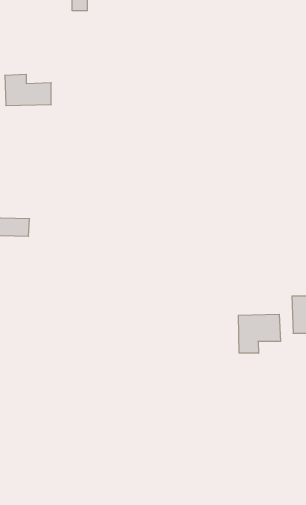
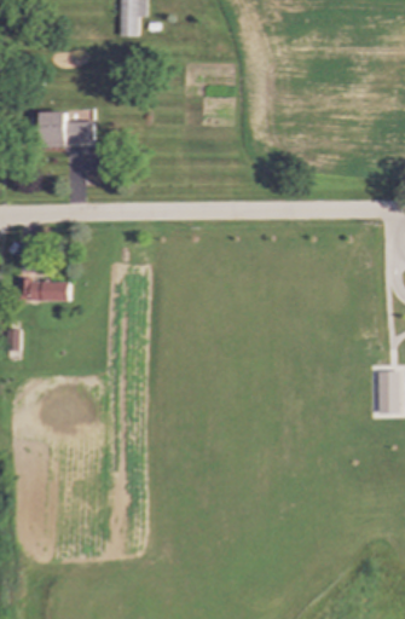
building: [238,314,281,353] -> none

